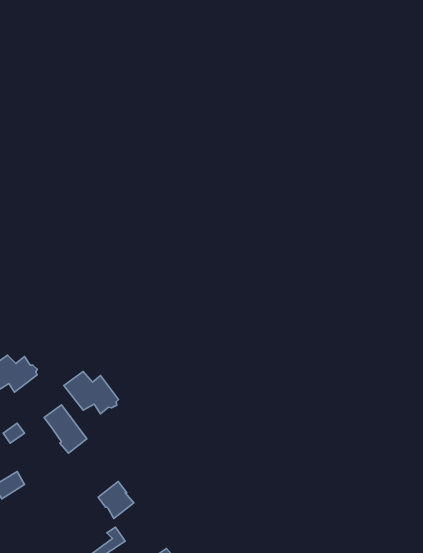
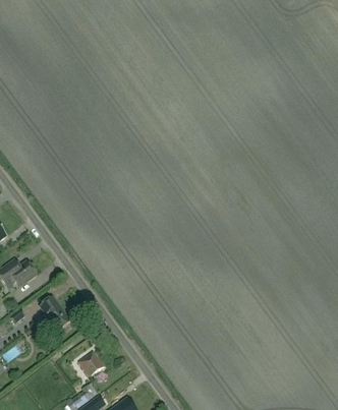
building: [64,372,118,414] -> none

